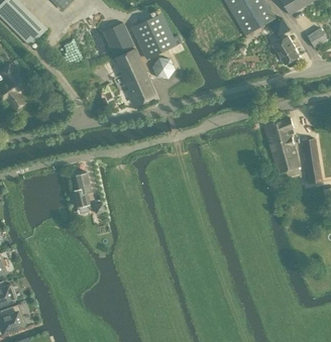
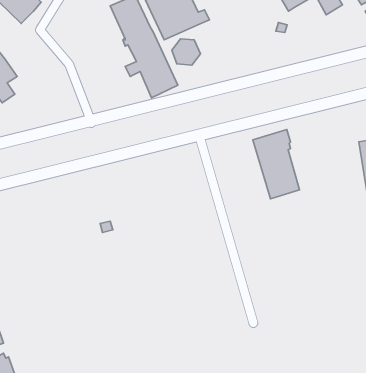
building: [271,35,298,65] -> none
building: [263,118,301,174] -> [253,130,299,199]
building: [73,172,91,207] -> none

